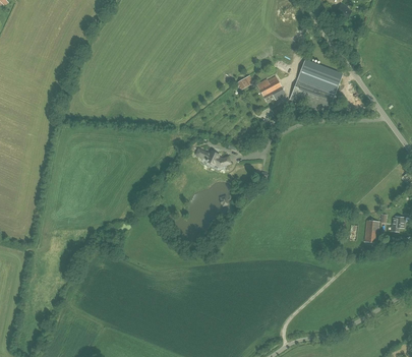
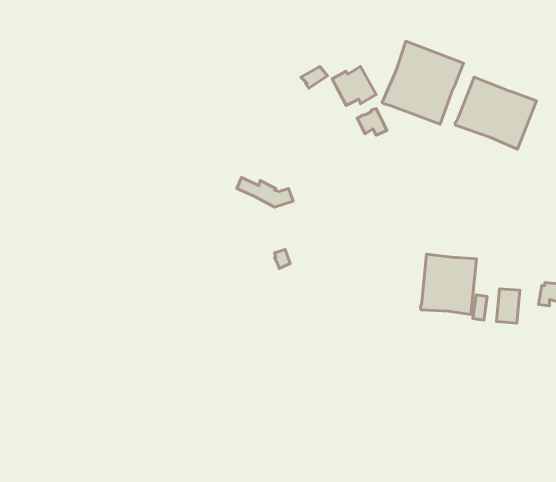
building: none -> [455,77,536,149]
building: none -> [421,254,476,315]

